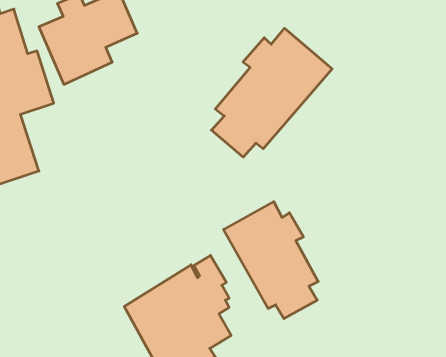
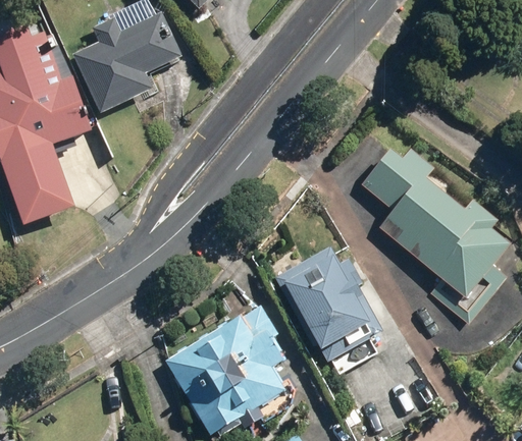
building: [211,28,332,157] -> none
building: none -> [361,150,509,322]

